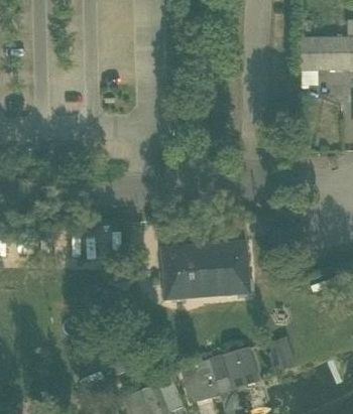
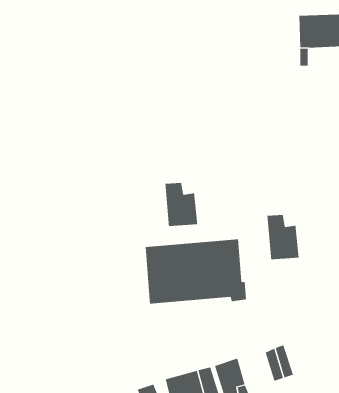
building: none -> [165,182,198,227]
building: none -> [267,214,299,260]

